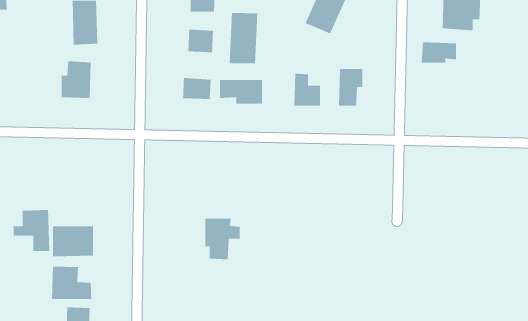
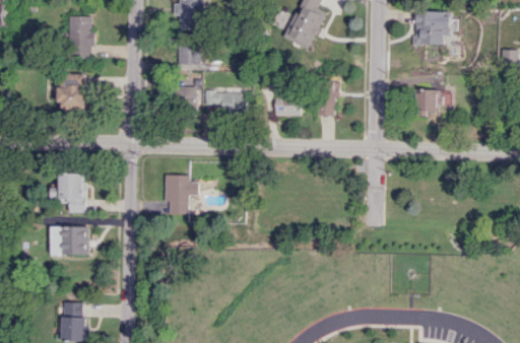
building: [229,12,258,64] -> none
building: [421,42,457,63] -> [414,90,448,111]
building: [13,209,50,252] -> [51,173,85,212]
building: [204,218,240,260] -> [165,175,198,214]
building: [51,266,92,300] -> none

